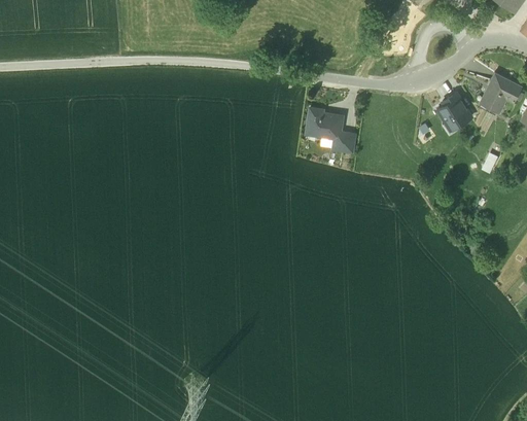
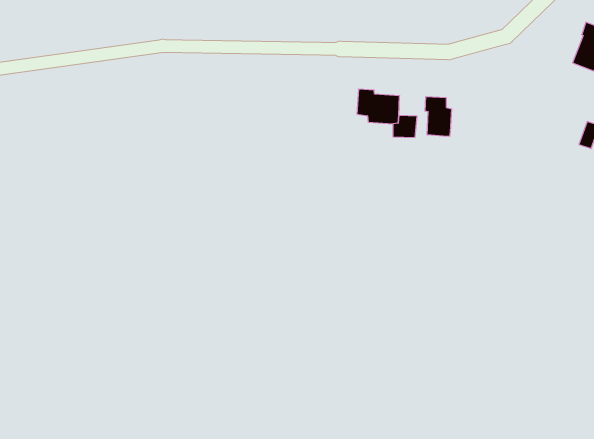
building: [437,94,471,128] -> none
building: none -> [425,97,451,136]

